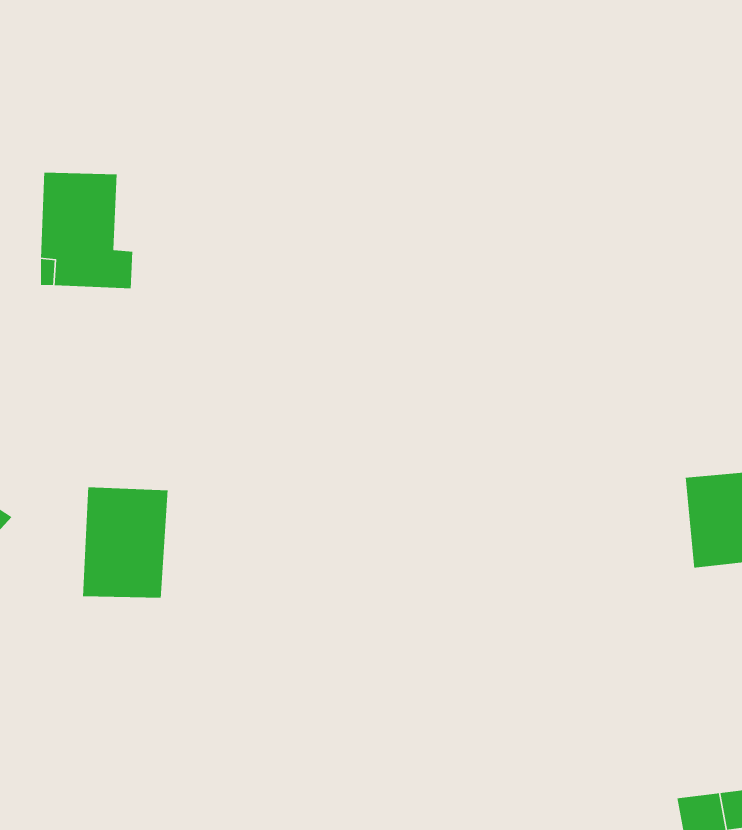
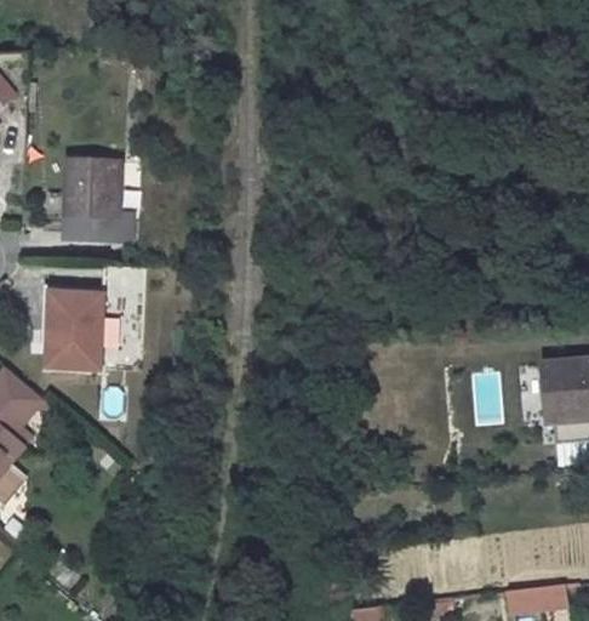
building: [82,486,169,598] -> [45,287,105,366]

